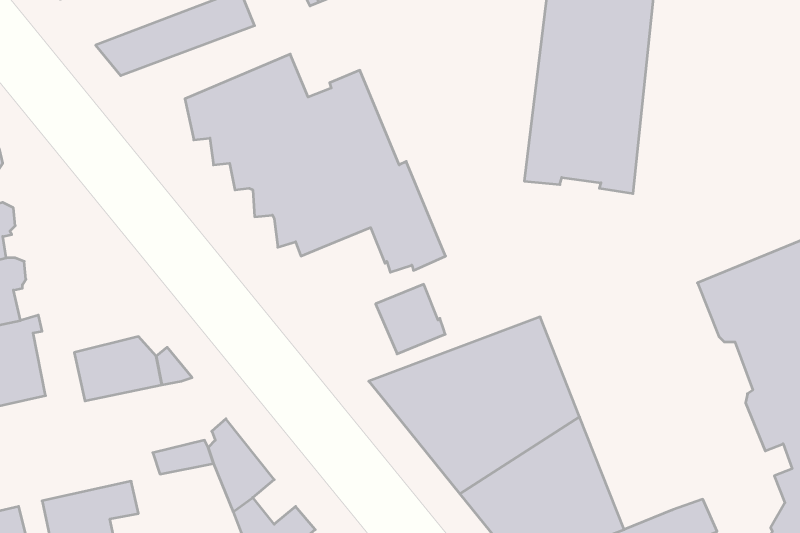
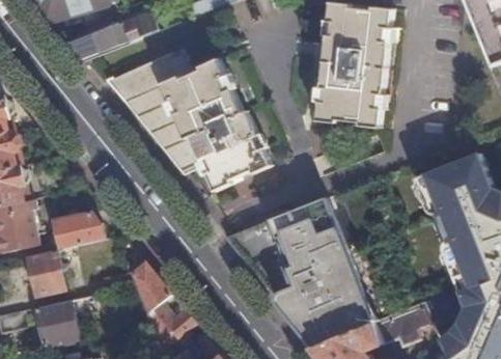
building: [376,284,445,354] -> [197,148,238,189]
building: none -> [25,251,63,296]

